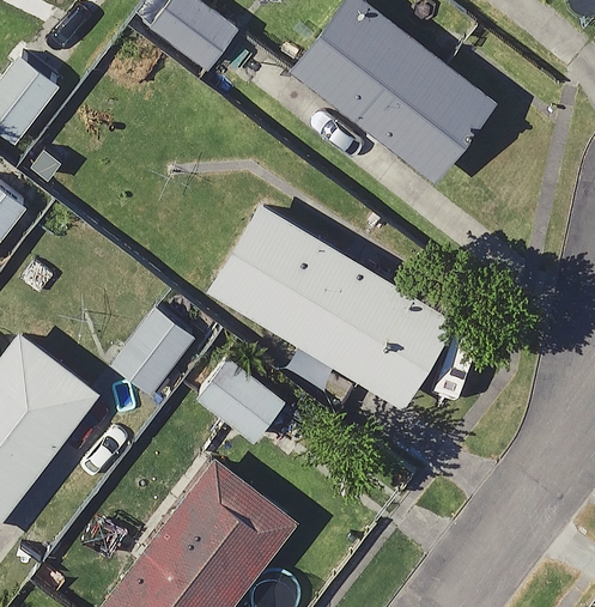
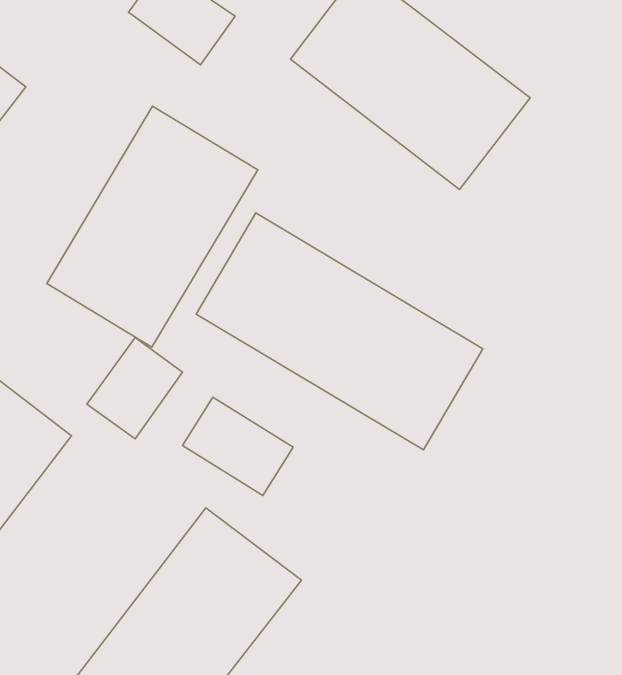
building: none -> [47,106,258,347]

